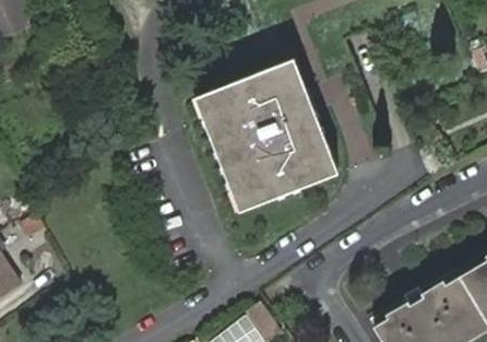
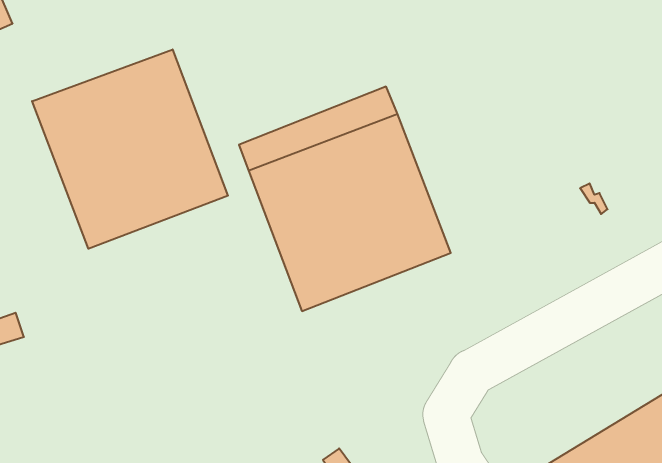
building: none -> [32,49,228,249]

